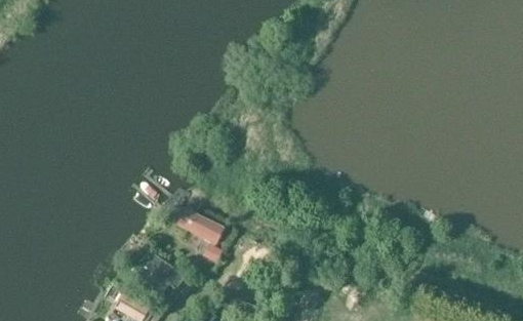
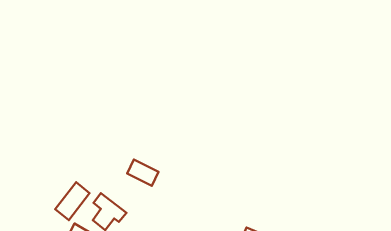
building: none -> [55,182,90,220]

